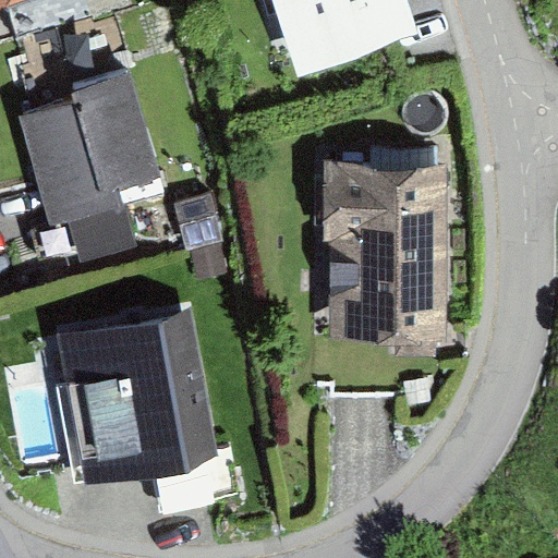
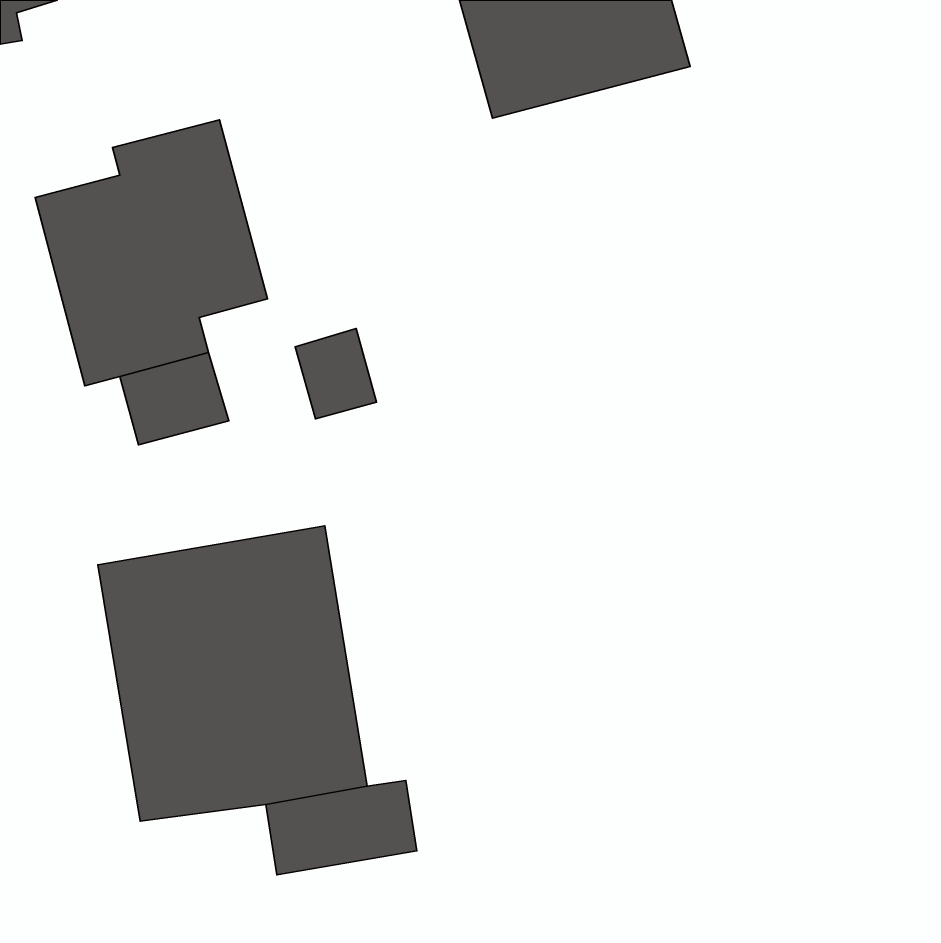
building: [324,160,442,342] -> none

